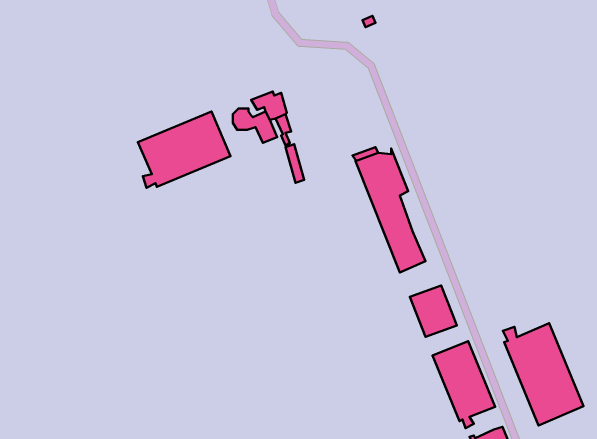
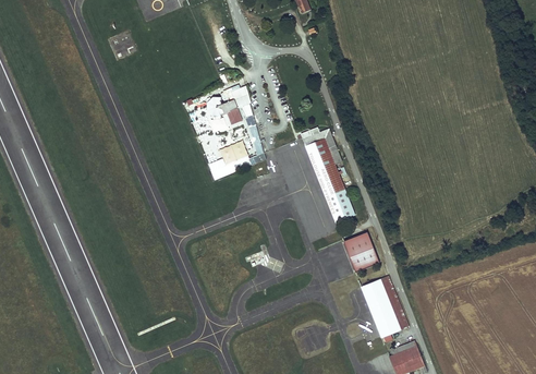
building: [138,112,231,188] -> none
building: [503,323,583,425] -> none

